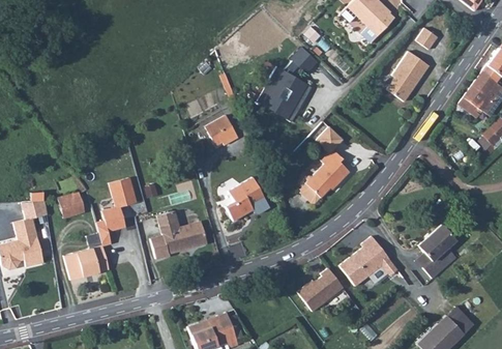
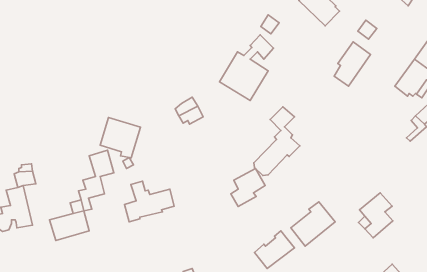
building: none -> [100,117,141,158]
building: [225,177,264,221] -> [231,168,265,206]
building: [58,192,84,219] -> none

